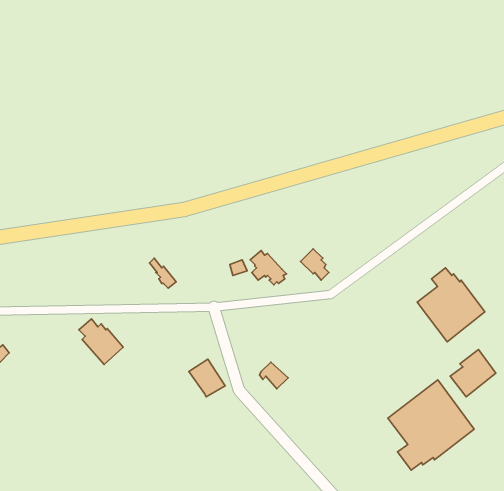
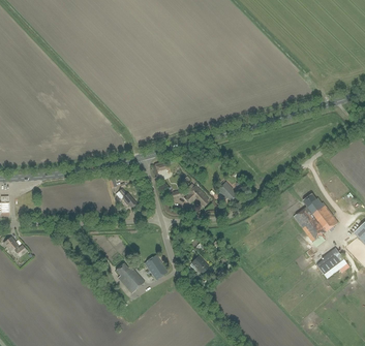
building: [79,319,123,365] -> [115,262,144,292]
building: [388,380,474,470] -> none

